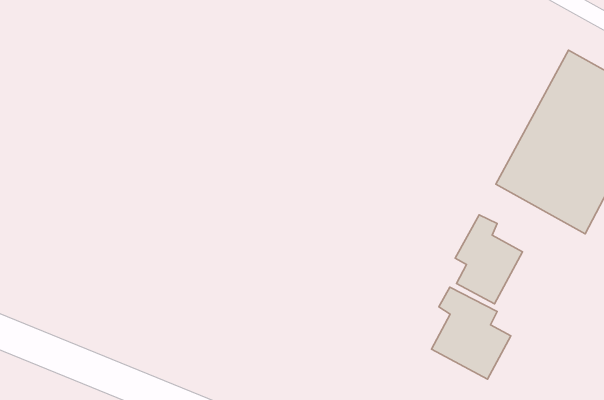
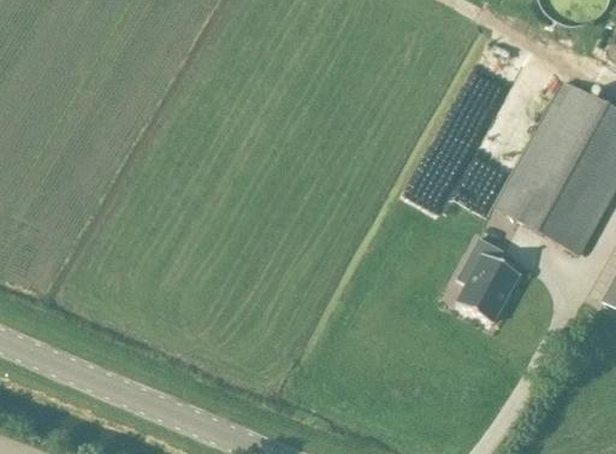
building: [431,287,511,379] -> none

